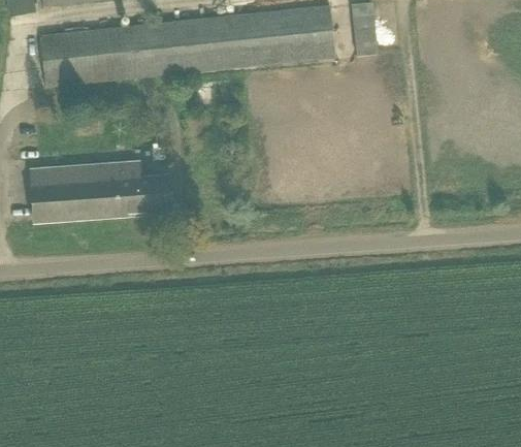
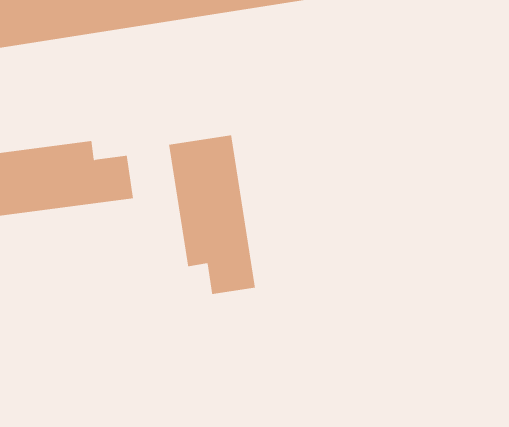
building: none -> [168,134,256,295]

